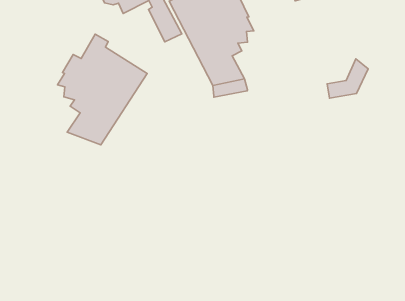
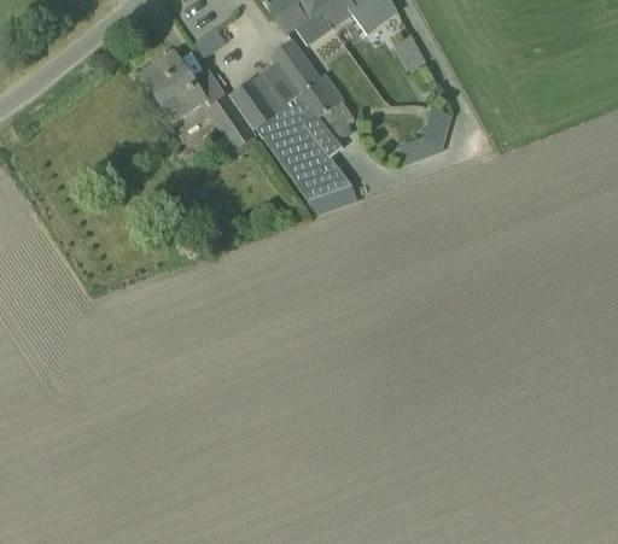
building: [57,34,147,145] -> none
building: [327,59,368,98] -> [398,105,451,164]

